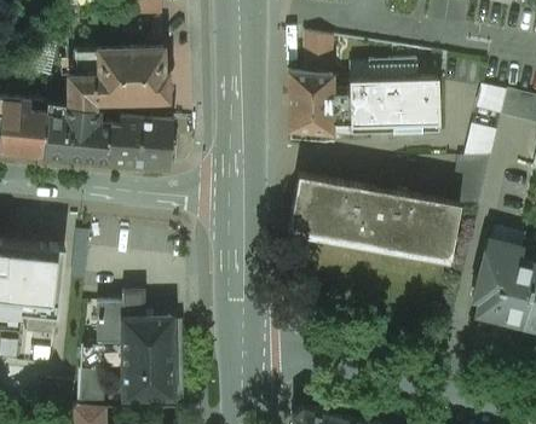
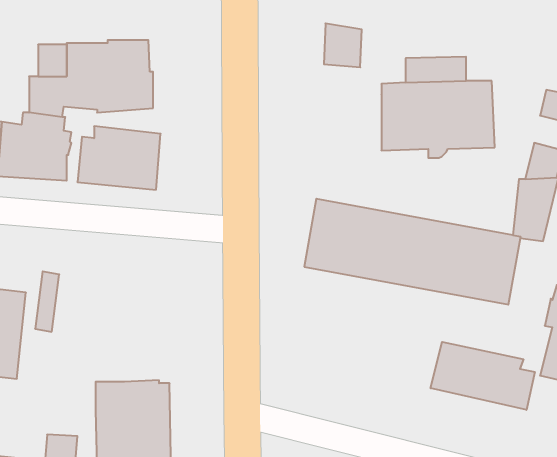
building: [288,72,350,137] -> none
building: none -> [431,342,535,410]
building: [97,295,144,344] -> none

